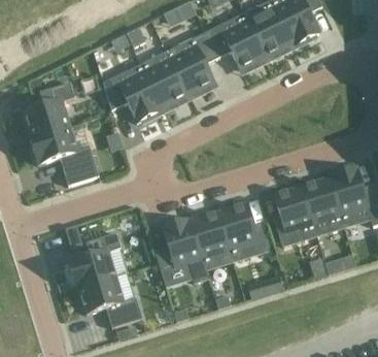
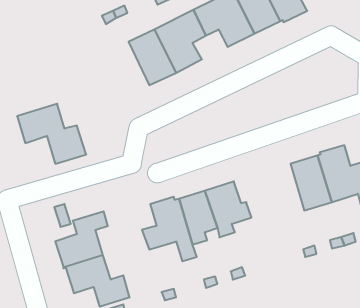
building: [102,66,161,125] -> none
building: [23,85,73,140] -> none
building: [273,188,315,239] -> none

